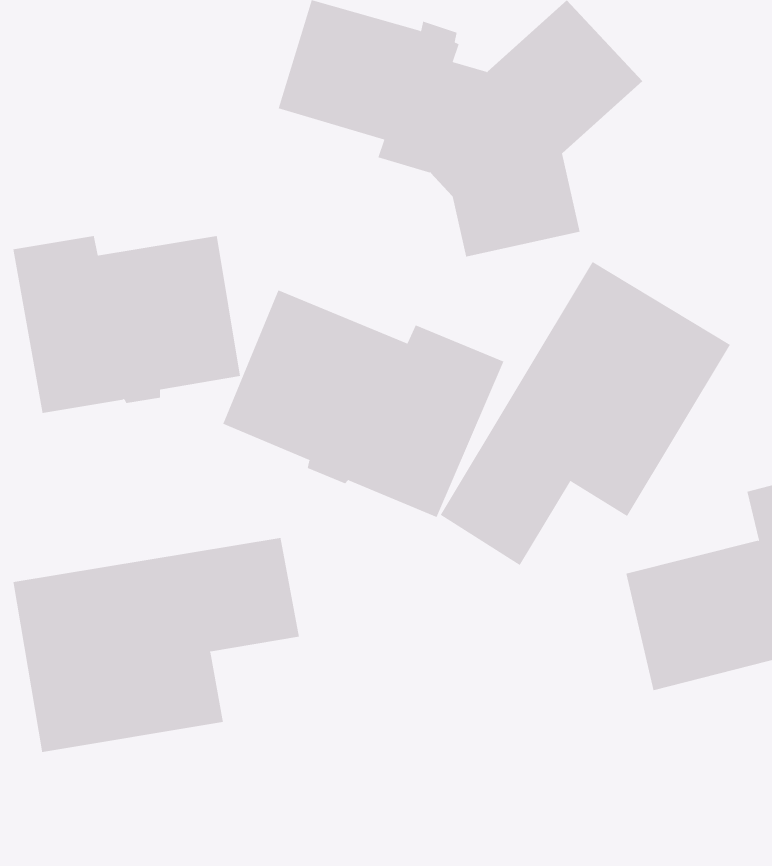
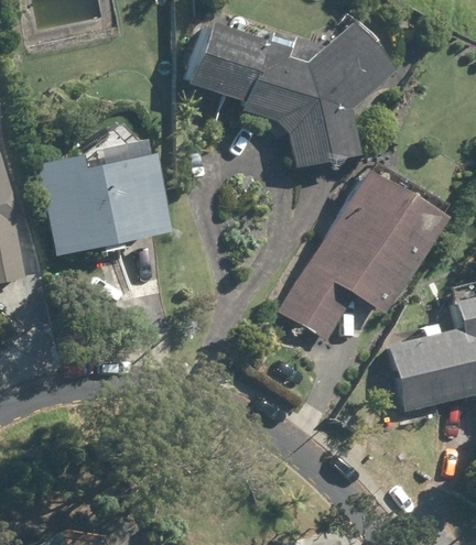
building: [222,290,504,518] -> none
building: [13,537,300,753] -> none

